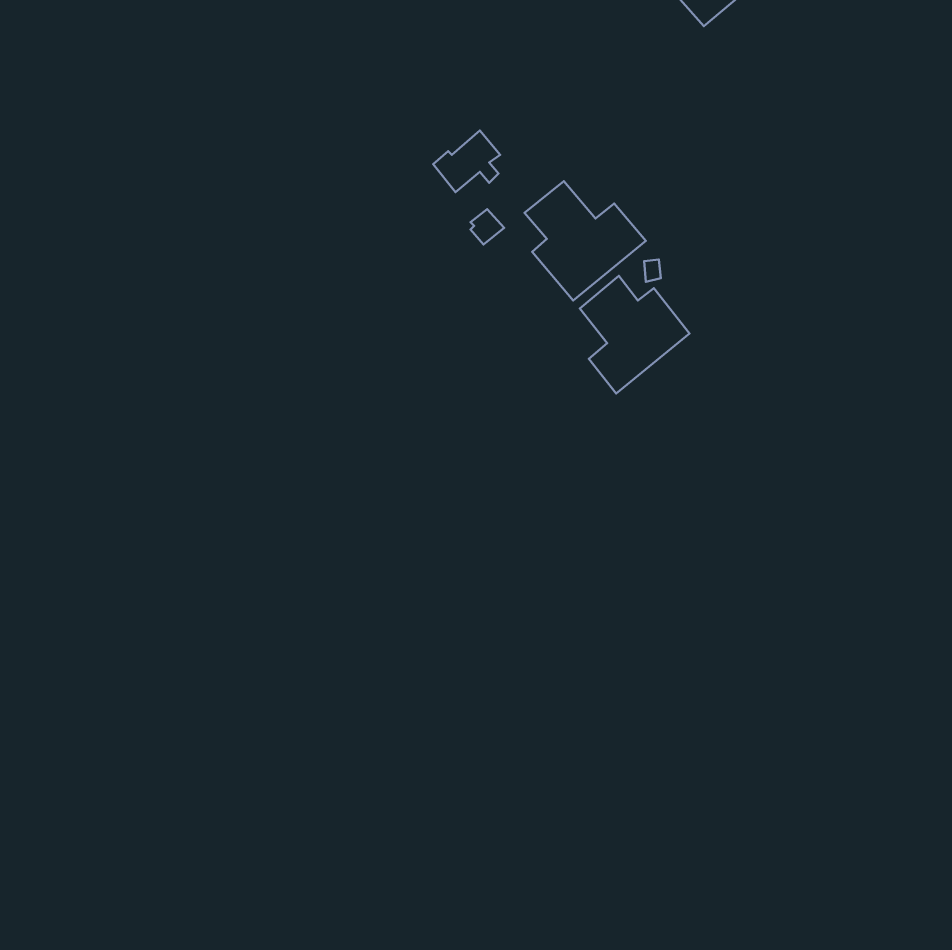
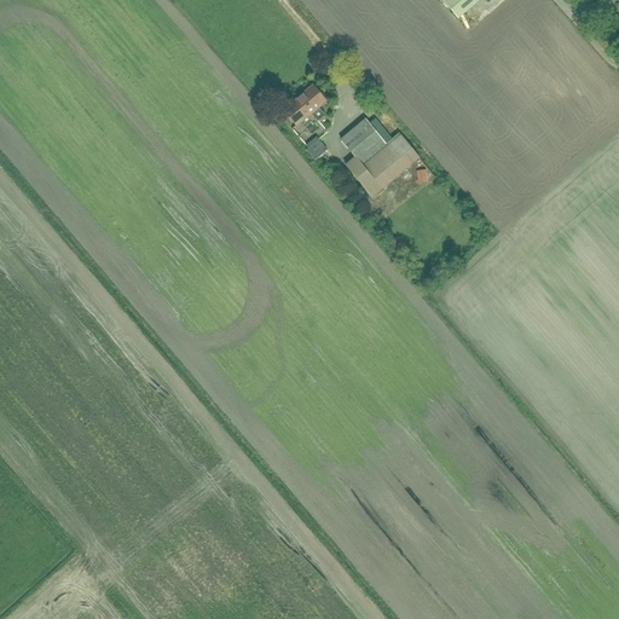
building: [580,276,690,394] -> none

